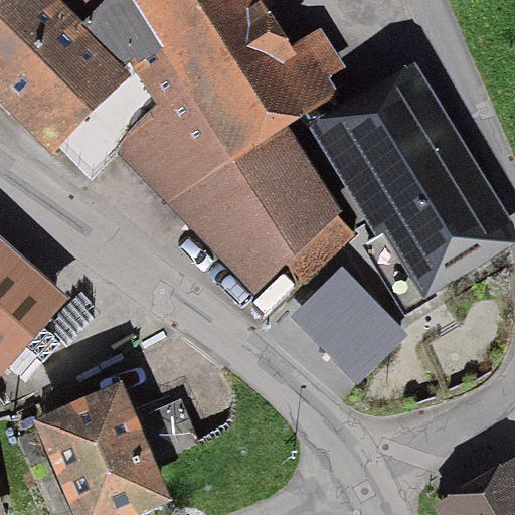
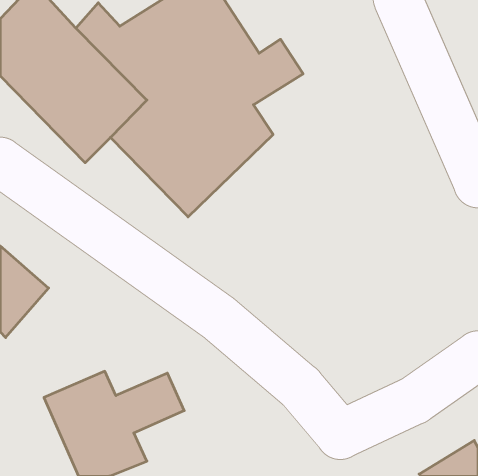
building: [331,83,494,311] -> none
building: [202,145,353,290] -> none
building: [290,260,413,382] -> none

